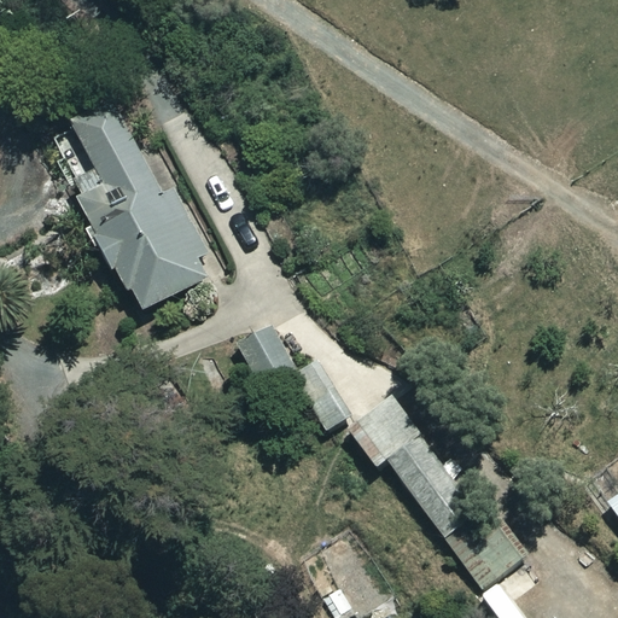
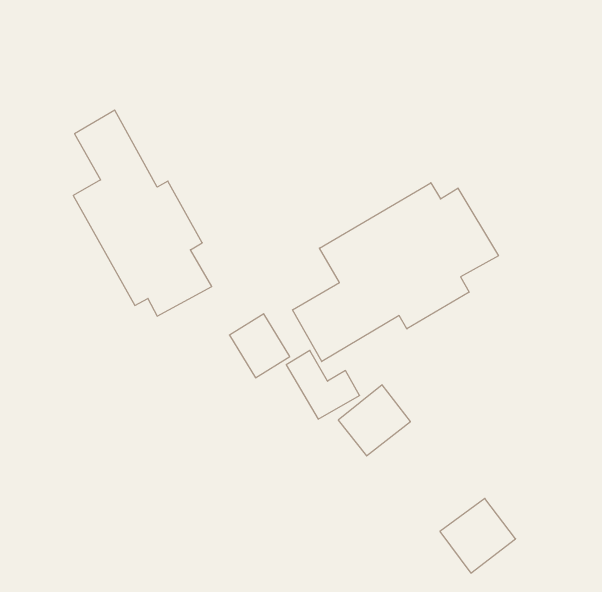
building: none -> [293,183,498,362]
building: [380,430,476,531] -> none

